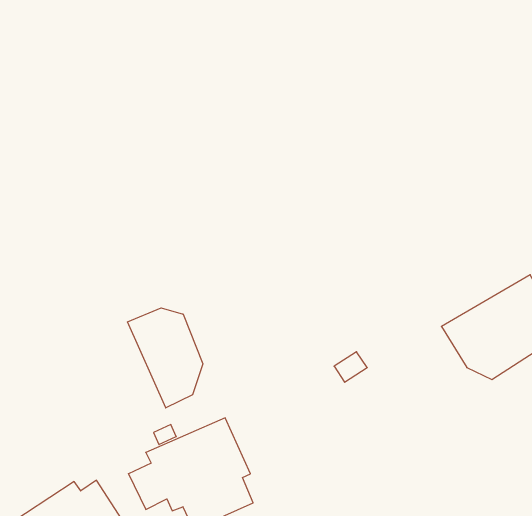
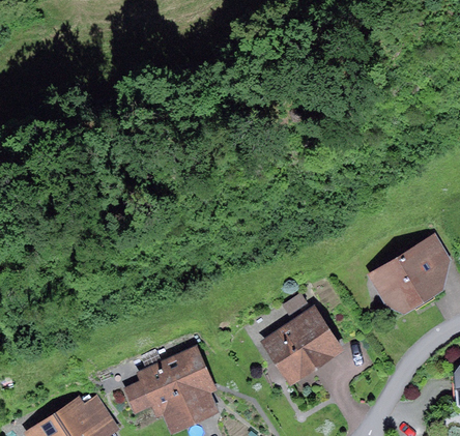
building: [127,308,203,408] -> none
building: none -> [261,306,343,385]

